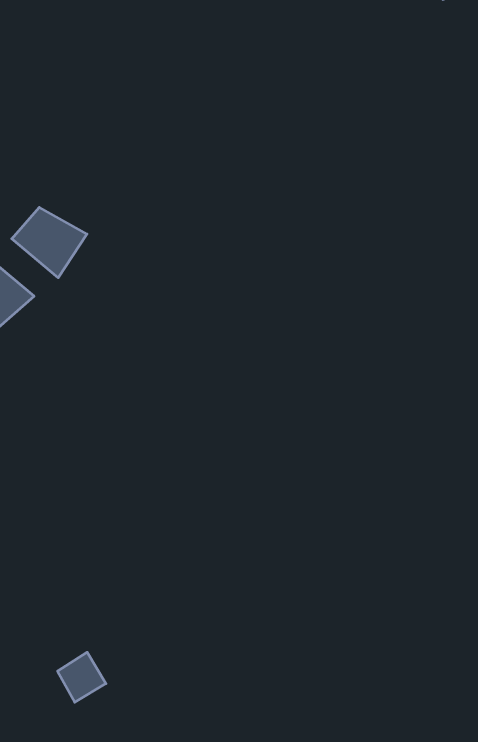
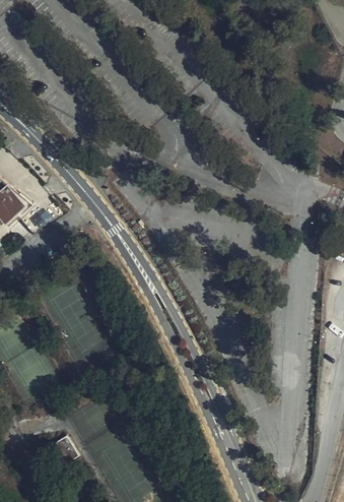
building: [12,207,87,278] -> none

